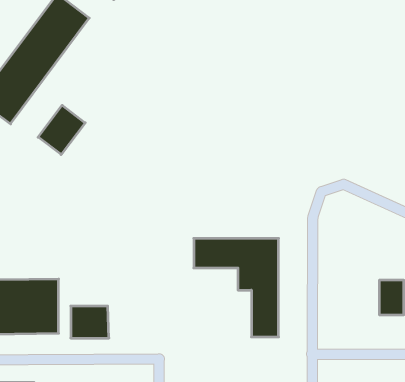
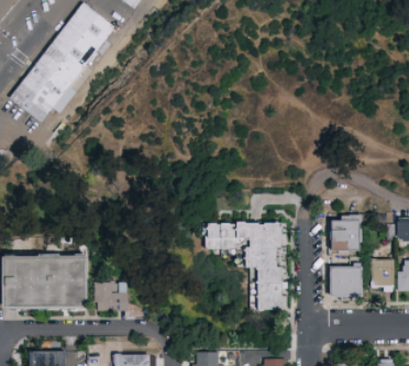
building: [38,105,85,155] -> none
building: none -> [330,215,362,249]
building: none -> [330,266,363,296]

